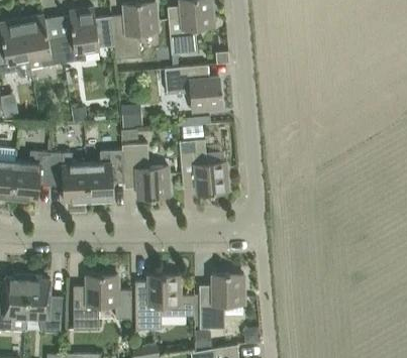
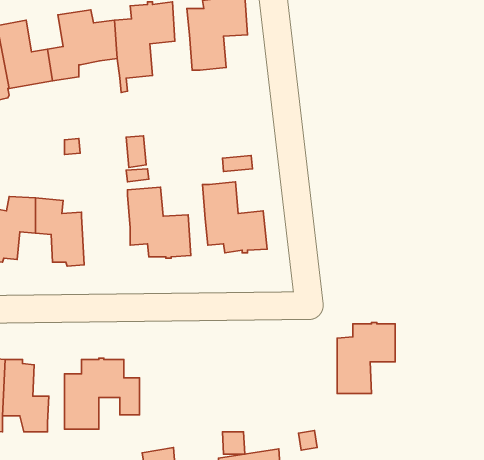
building: [164,66,221,112] -> none
building: [86,150,123,204] -> none
building: [134,274,194,330] -> none
building: [199,274,243,329] -> [337,322,395,393]

